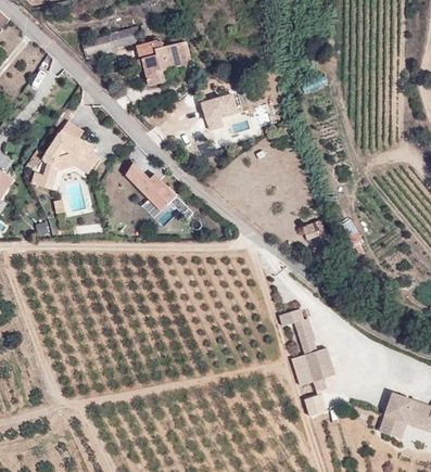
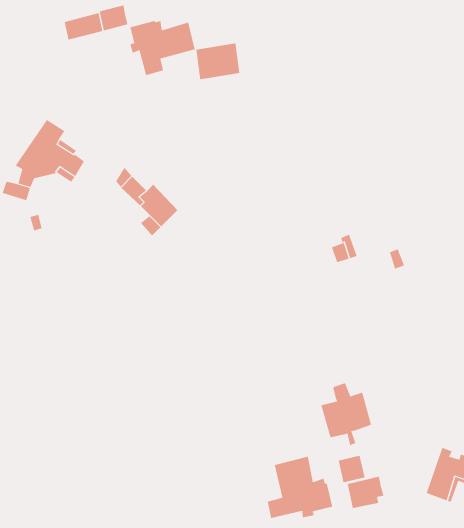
building: [203,98,240,128] -> [195,43,240,80]
building: [279,307,315,343] -> none
building: none -> [267,456,333,519]
building: none -> [347,476,384,509]

